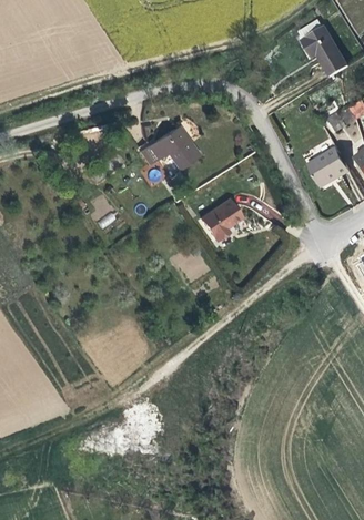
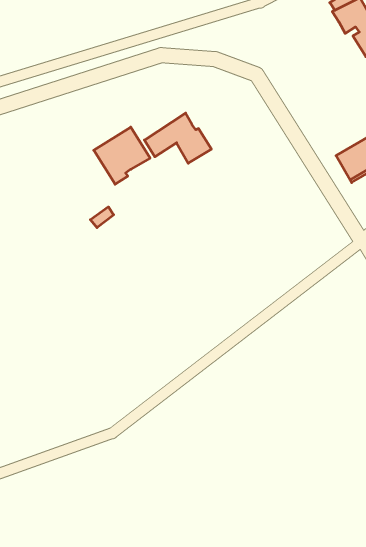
building: none -> [94,127,150,184]
building: [198,201,237,242] -> none

